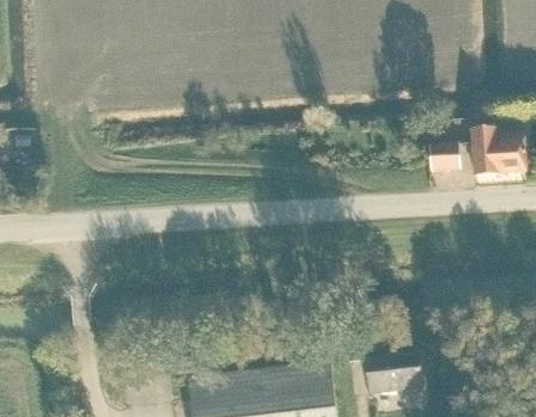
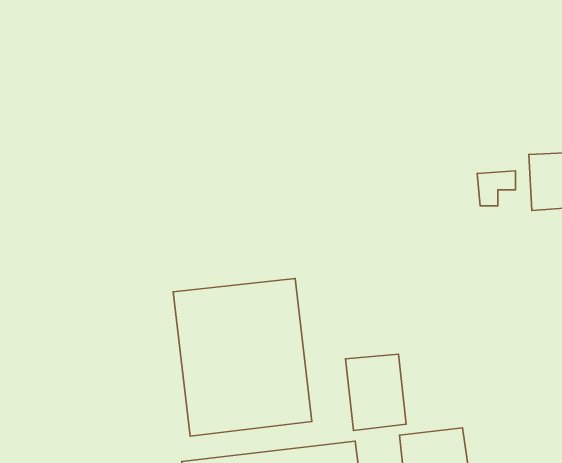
building: none -> [173,279,312,436]
building: none -> [345,354,406,431]

